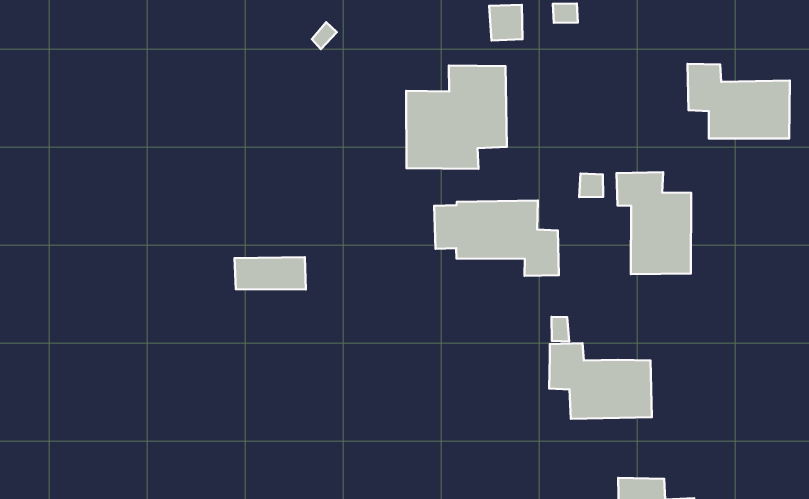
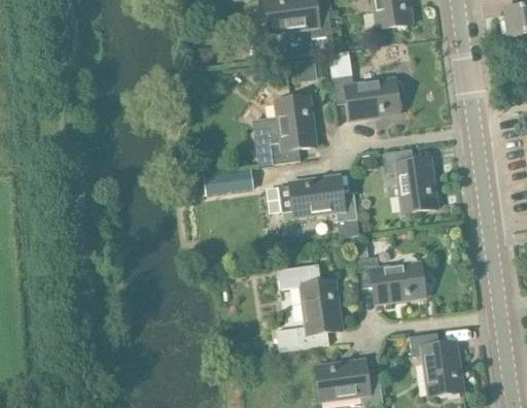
building: [688,64,790,139] -> [332,74,399,120]
building: [235,257,306,290] -> [206,170,251,195]
building: none -> [277,264,343,350]

